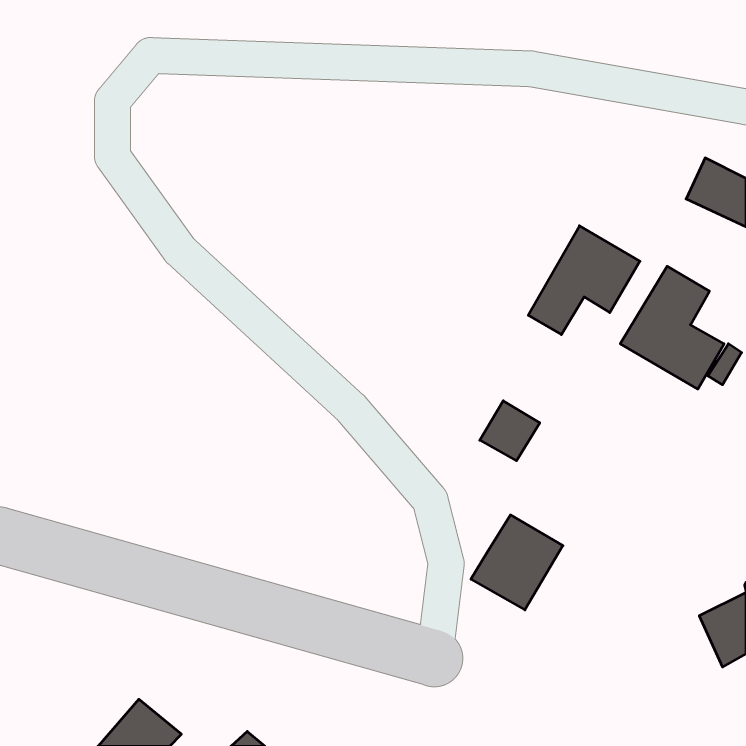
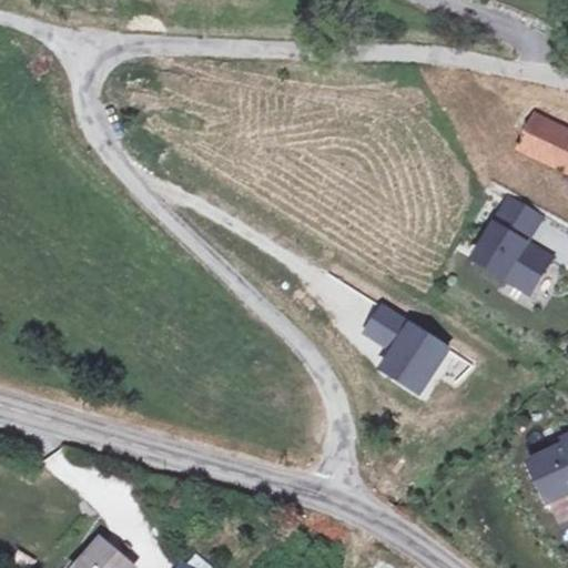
building: [528,226,640,335] -> none
building: [471,515,563,610] -> [379,321,449,393]

